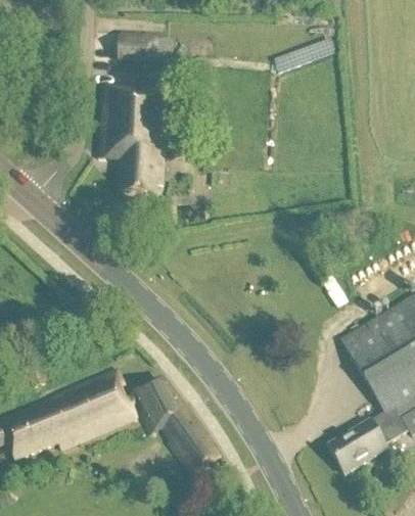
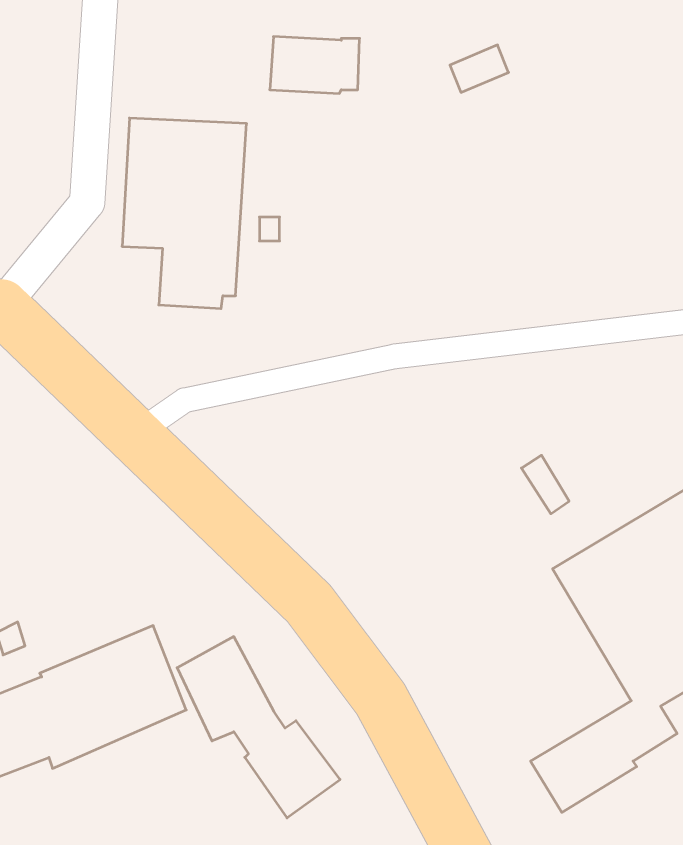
building: [119,32,169,63] -> [270,37,360,93]

